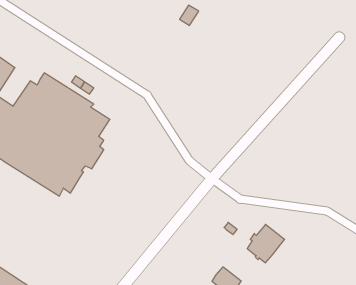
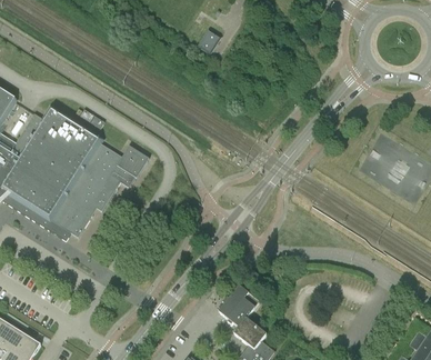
building: none -> [109,144,148,187]
building: [247,224,285,263] -> [218,284,259,327]

